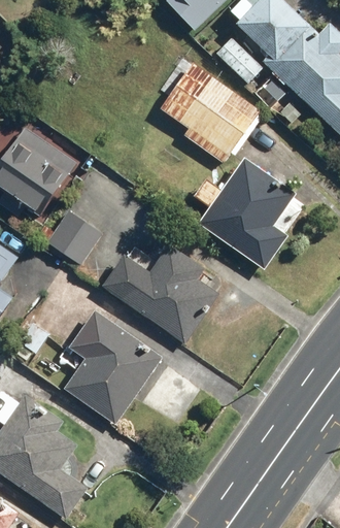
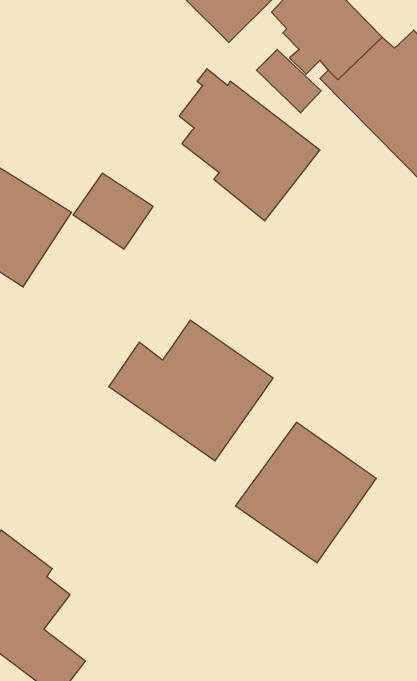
building: [194,160,293,271] -> none
building: [42,208,102,265] -> [73,173,153,249]
building: [61,307,163,424] -> none
building: none -> [235,422,376,563]

